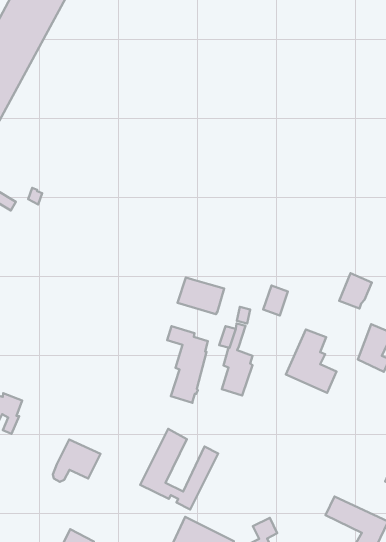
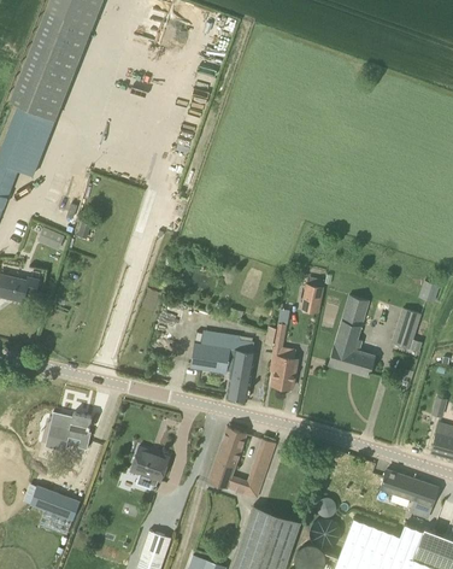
building: [339,273,372,309] -> [342,294,370,325]
building: [178,277,224,314] -> [190,342,231,373]

